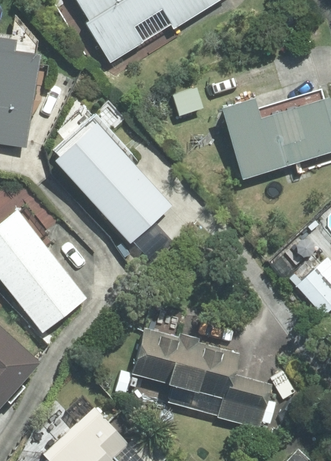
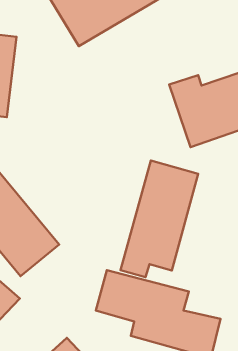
building: [49,122,175,241] -> none
building: none -> [121,160,198,277]

